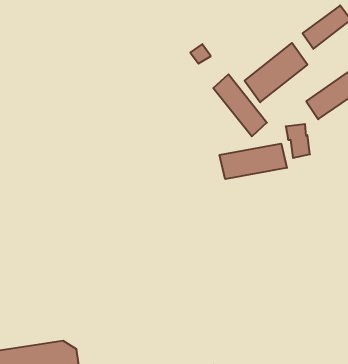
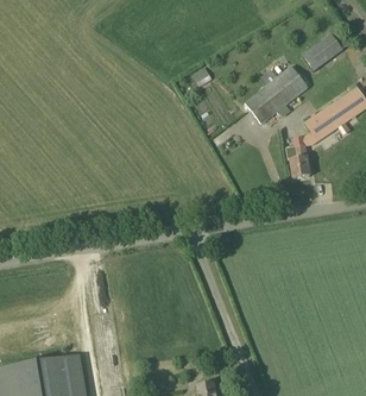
building: [213,74,267,136] -> none
building: [220,144,287,179] -> none

